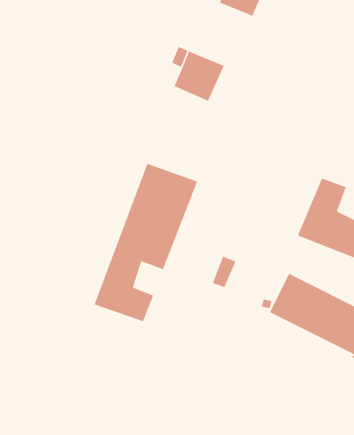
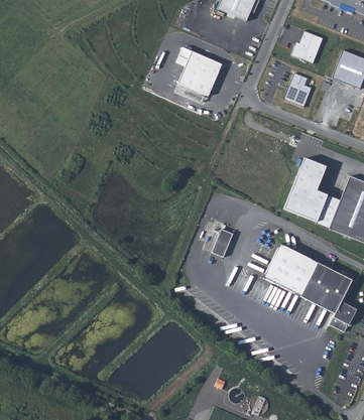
building: none -> [292,29,324,62]
building: none -> [285,72,313,106]
building: [94,163,198,322] -> none

